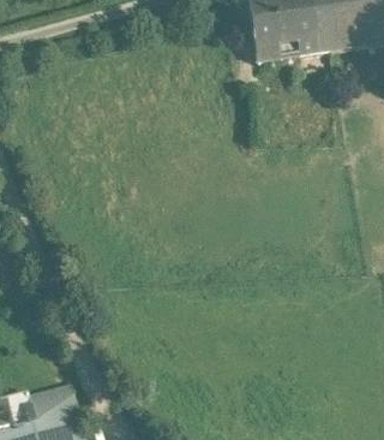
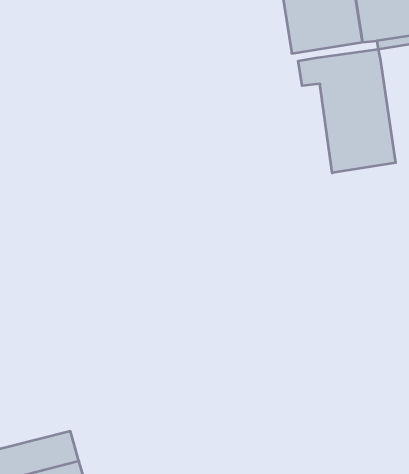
building: none -> [298,49,396,173]

